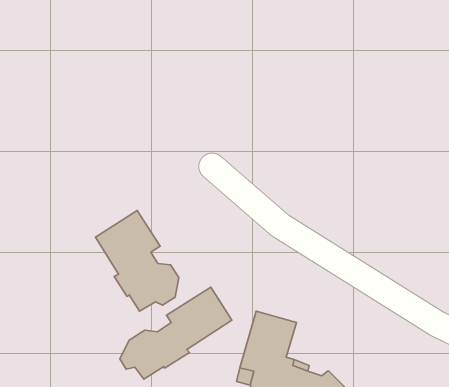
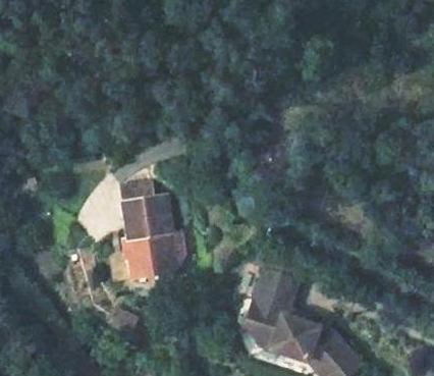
building: [120,287,232,379] -> none

